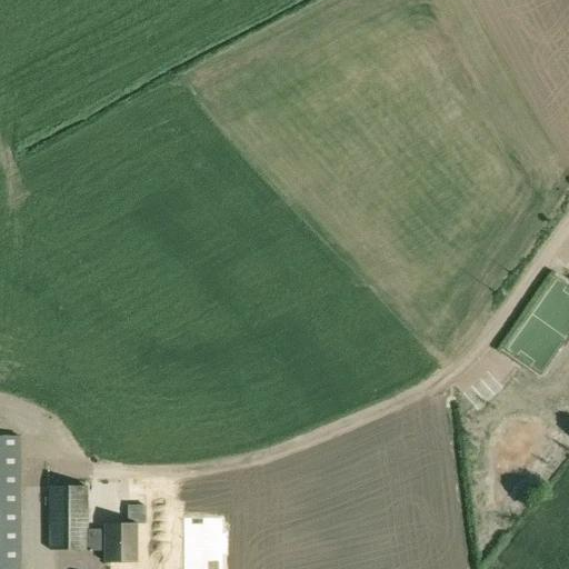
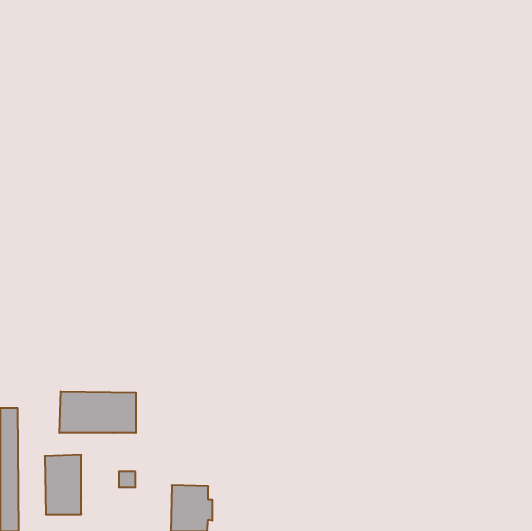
building: none -> [59,391,136,433]
building: [87,523,137,561] -> none

